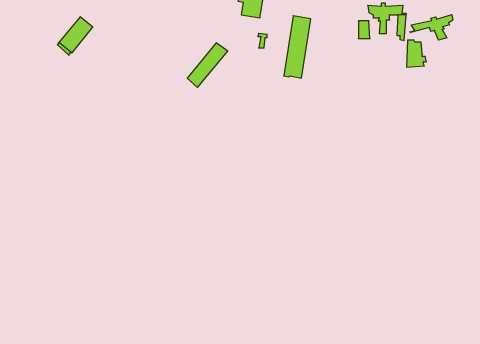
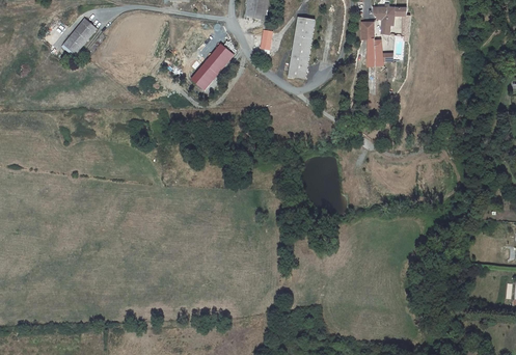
building: [410,15,453,40] -> none
building: [407,40,426,67] -> [366,39,386,66]

